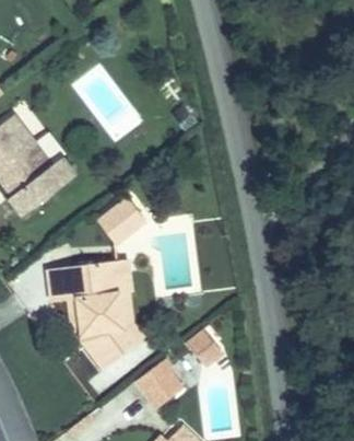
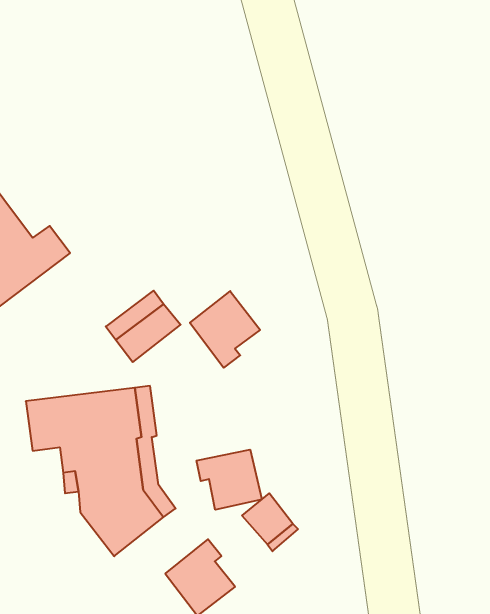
building: none -> [190,291,260,368]
building: none -> [197,450,262,510]

